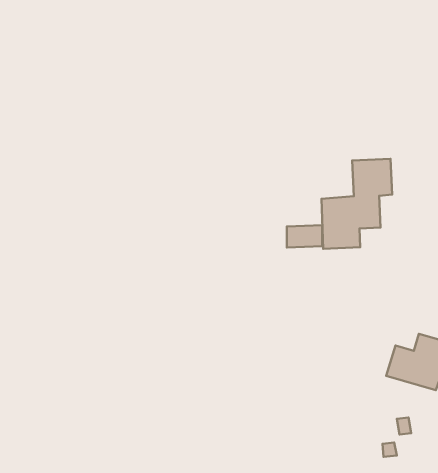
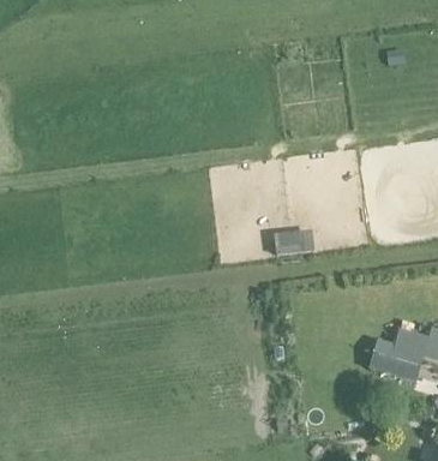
building: [321,159,392,249] -> none

